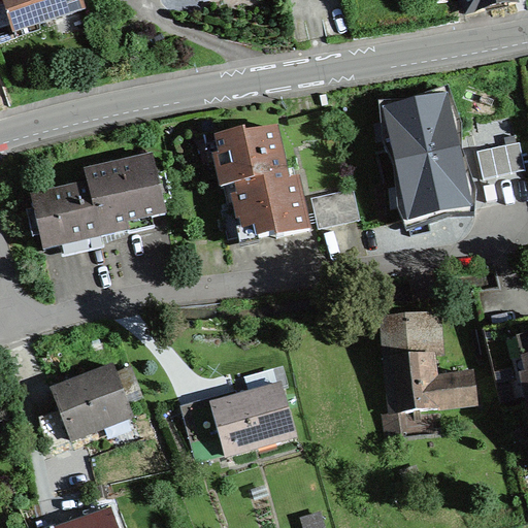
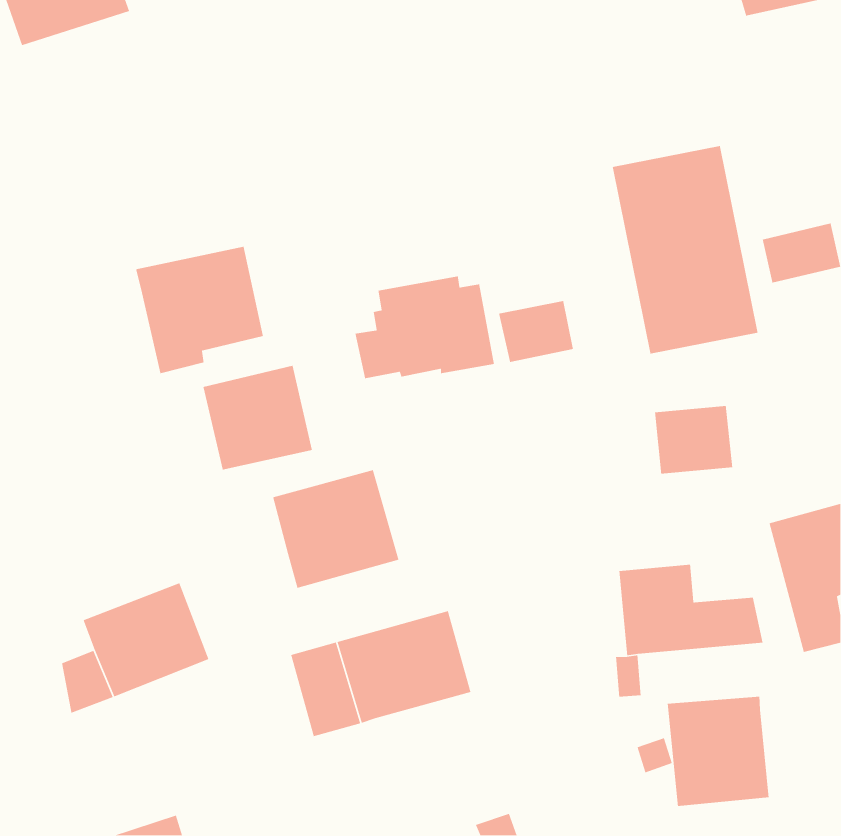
building: [214,126,287,185] -> none
building: [31,180,100,246] -> [202,365,313,470]
building: none -> [272,469,400,589]
building: [383,314,432,357] -> [654,405,733,474]
building: none -> [667,696,770,807]

